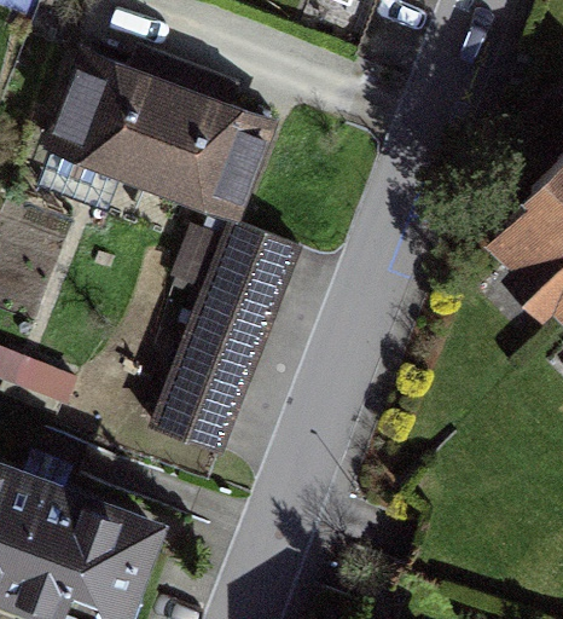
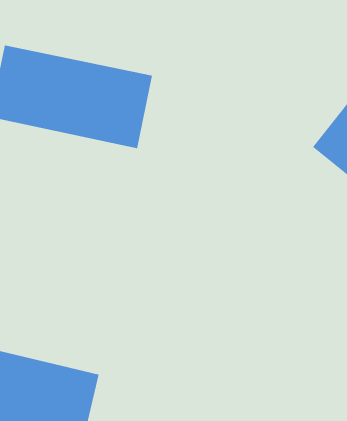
building: [151,227,290,450] -> none

